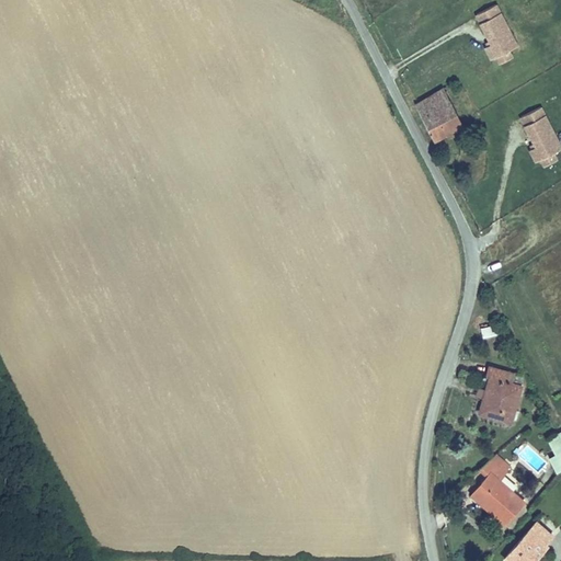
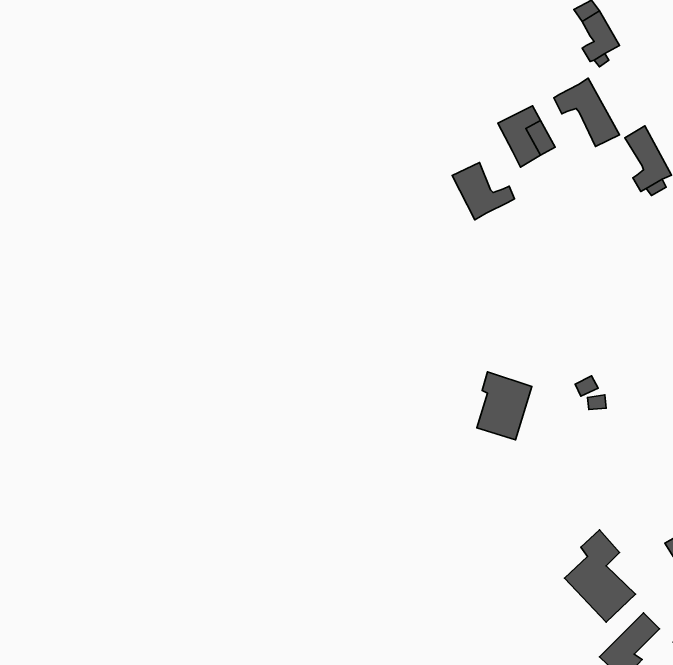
building: none -> [554,78,619,146]
building: none -> [452,163,515,220]
building: [481,365,526,421] -> [477,372,532,440]

